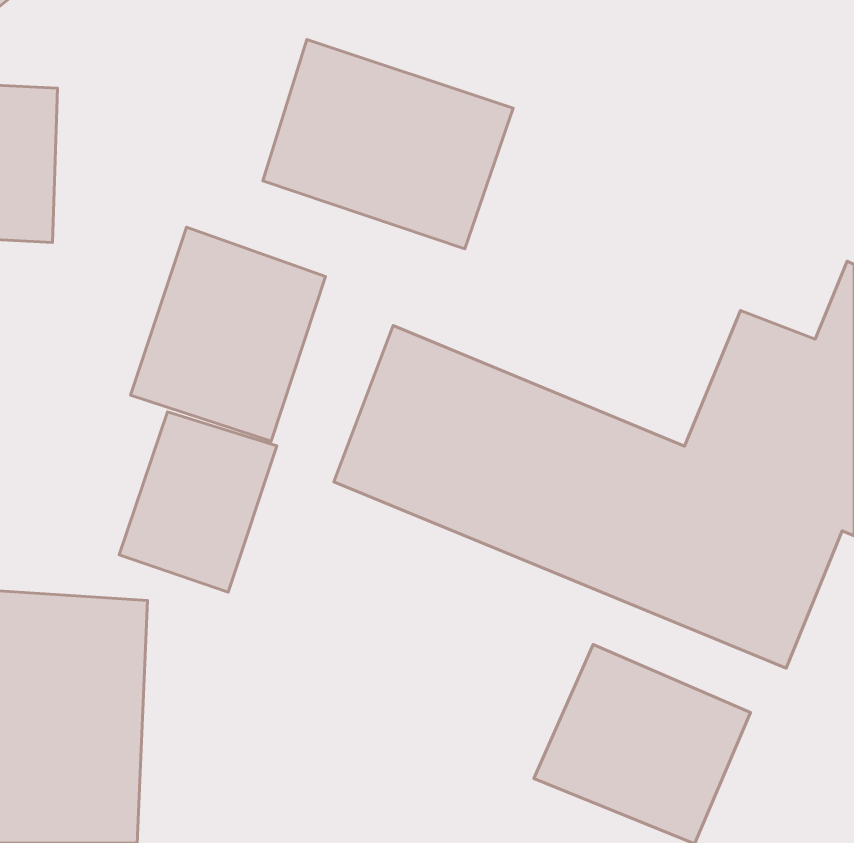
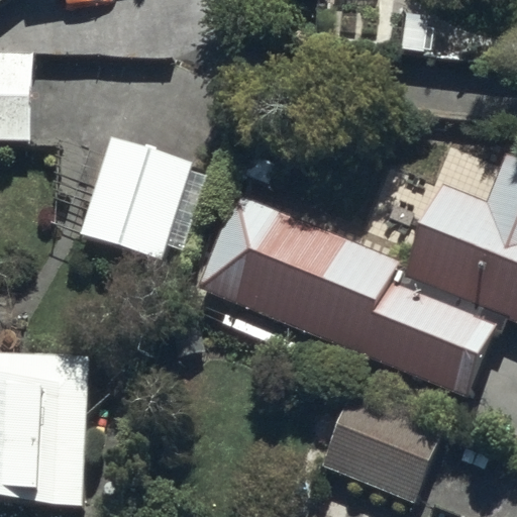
building: [263,39,513,249] -> none
building: [119,412,277,592] -> none

